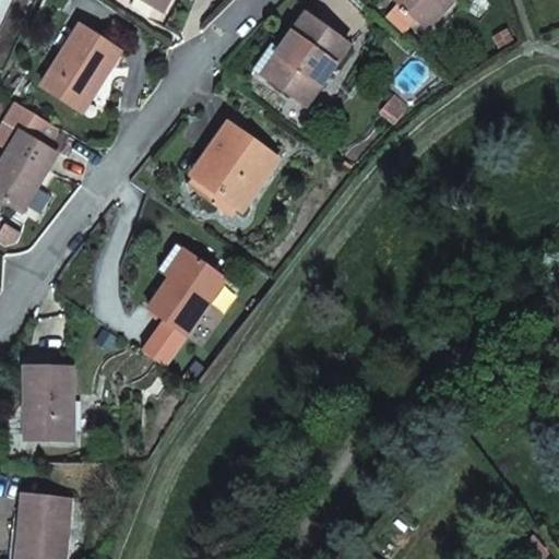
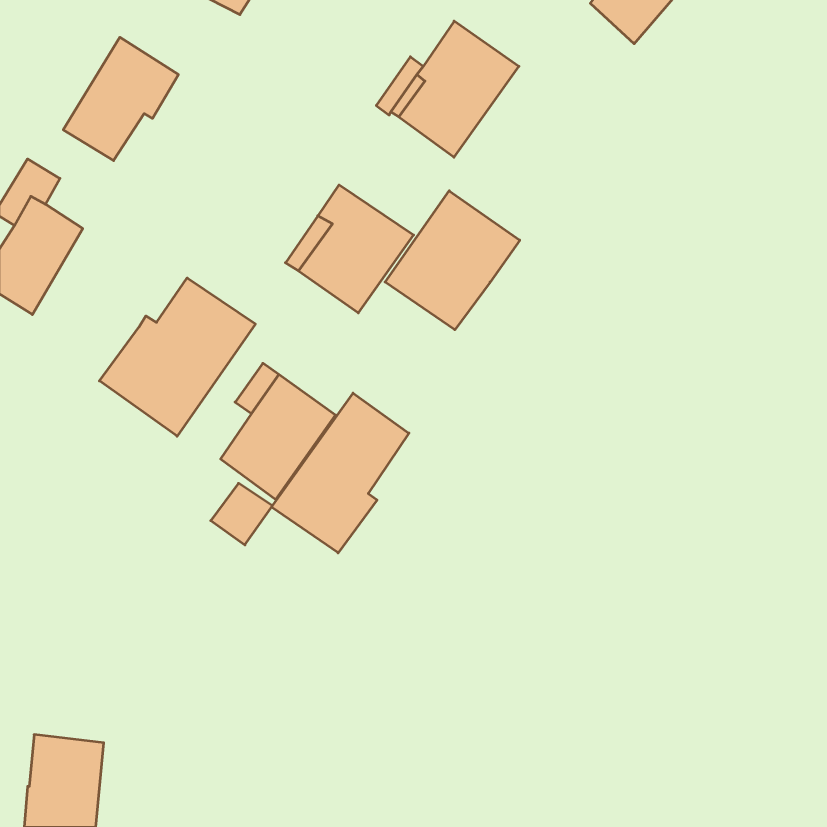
building: none -> [385,191,520,330]
building: none -> [99,278,255,436]
building: none -> [271,393,409,553]
building: [25,367,73,440] -> none

